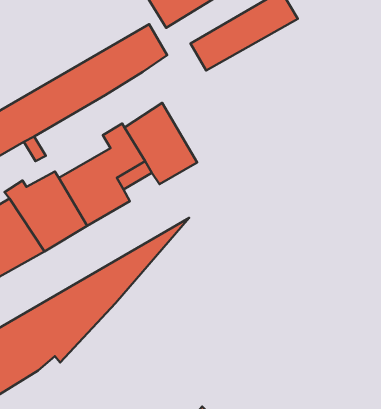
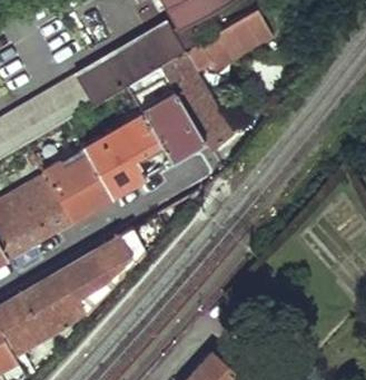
building: none -> [159,49,238,150]

